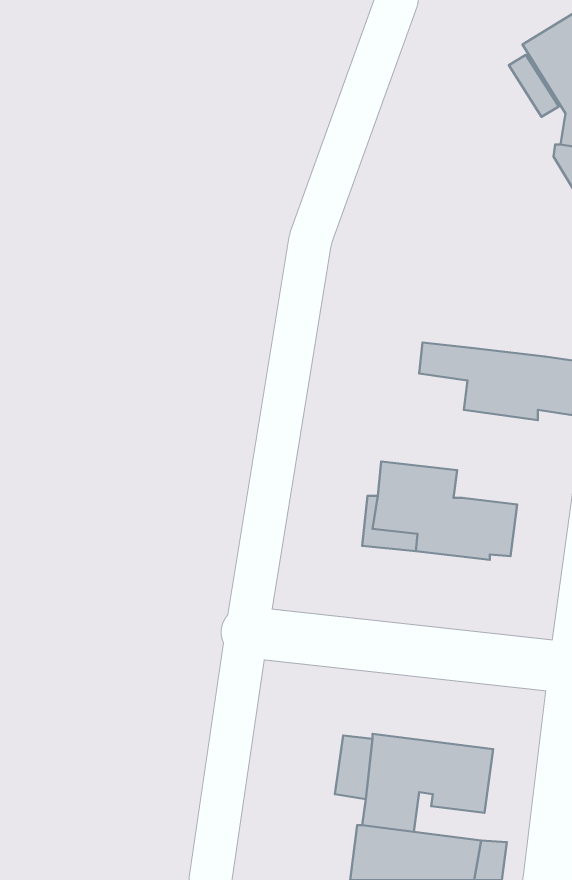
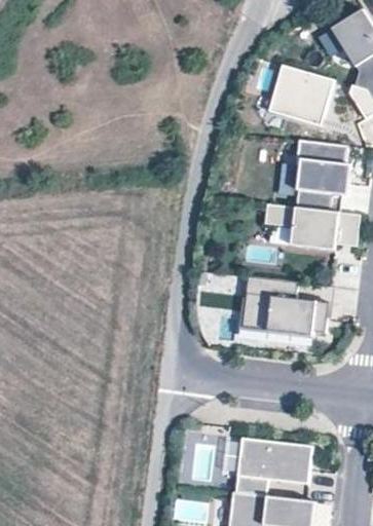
building: none -> [272,66,335,123]
building: none -> [300,141,356,213]

